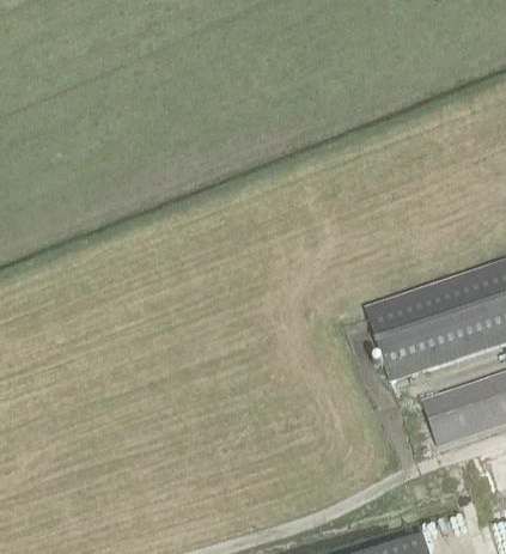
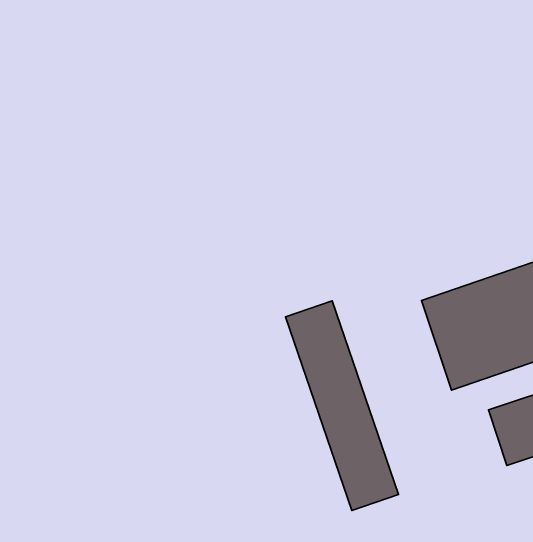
building: none -> [285,301,399,510]

